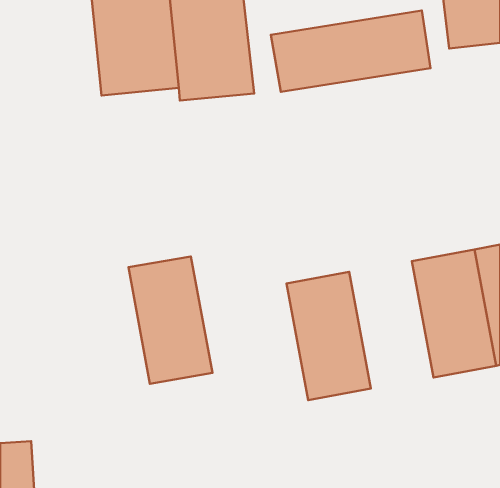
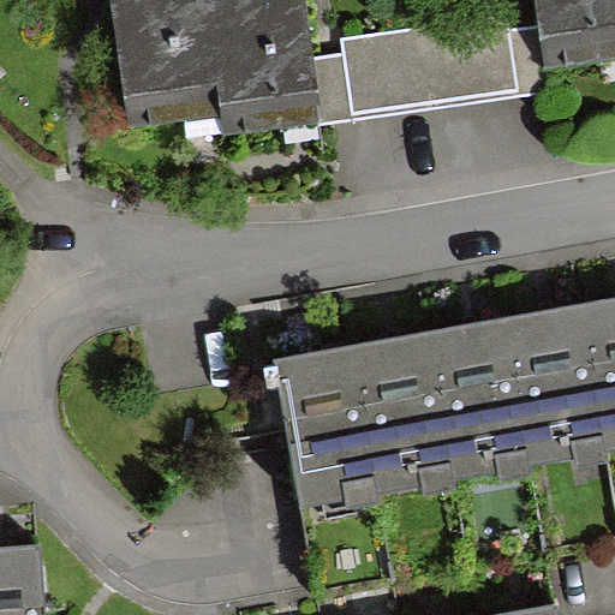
building: [128,256,213,384] -> [275,350,378,506]
building: none -> [429,322,532,478]

